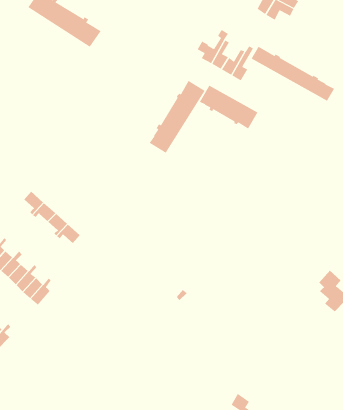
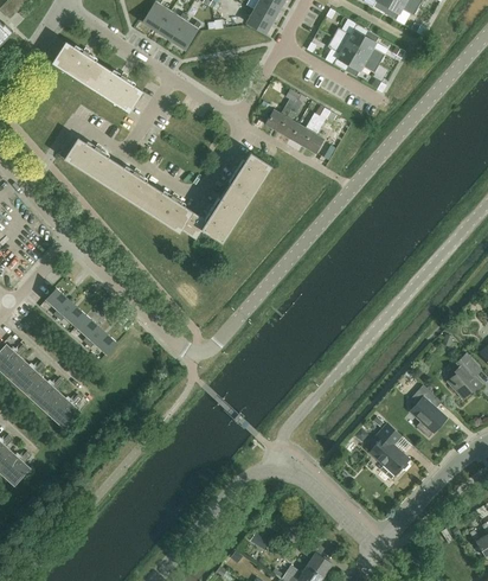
building: [251,46,335,102] -> none
building: none -> [64,136,206,238]
building: [199,85,258,130] -> none
building: none -> [370,423,409,479]

